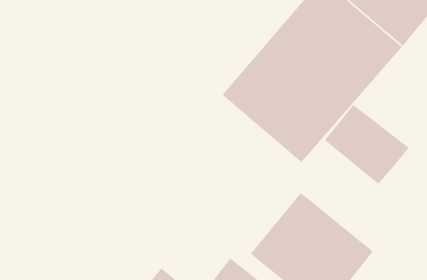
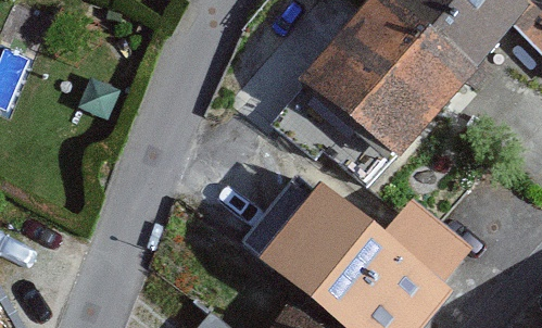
building: [324,104,410,185] -> [378,198,474,288]
building: none -> [241,174,365,297]

